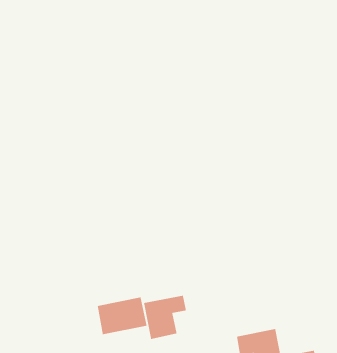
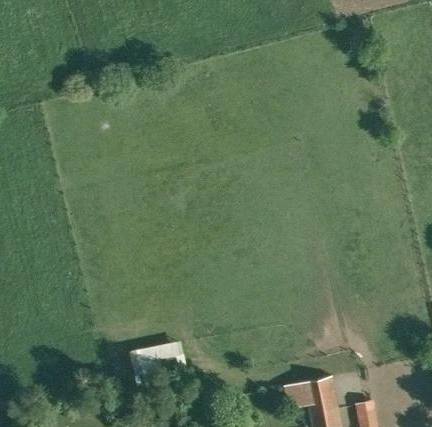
building: [143,295,187,340] -> none

